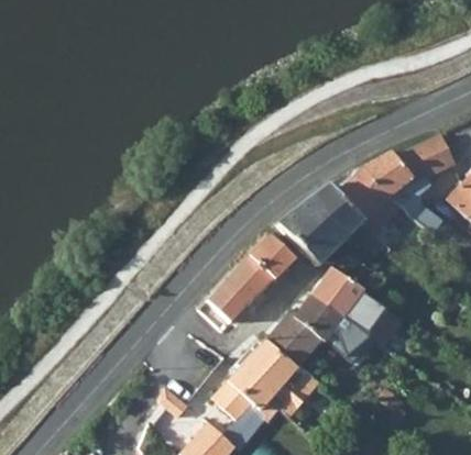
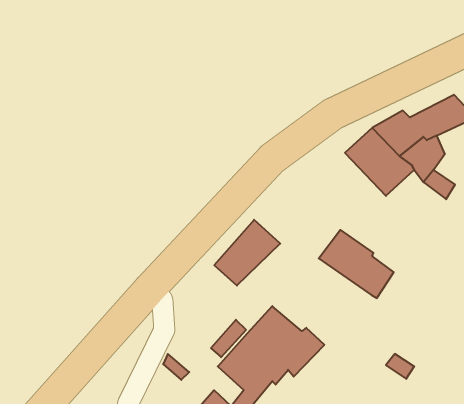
building: [274,185,394,264] -> none
building: [248,236,295,280] -> none
building: [265,295,361,365] -> none

